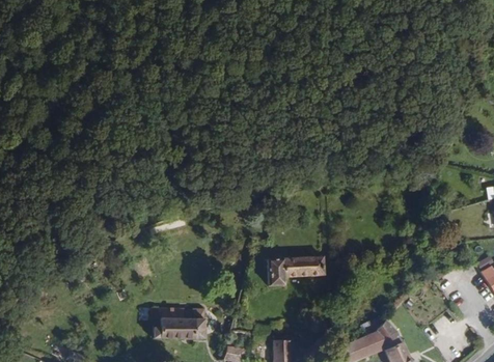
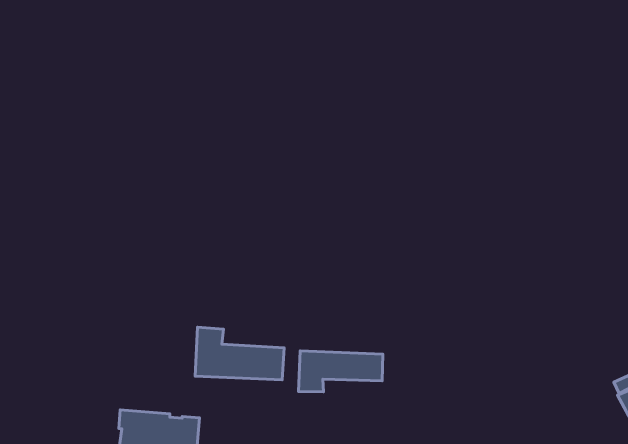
building: none -> [195,327,284,380]

